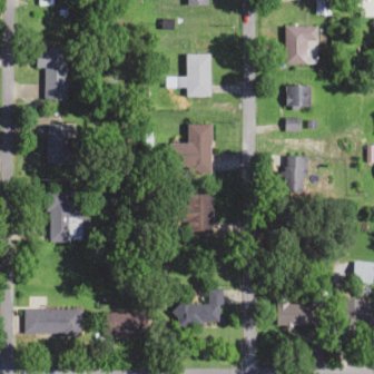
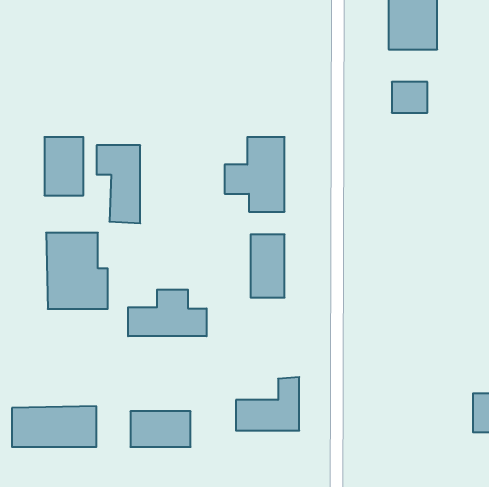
building: [37,47,67,100] -> [97,145,140,223]
building: [186,53,210,97] -> none
building: [285,156,306,191] -> none
building: none -> [128,290,207,336]
building: [277,302,308,326] -> none

